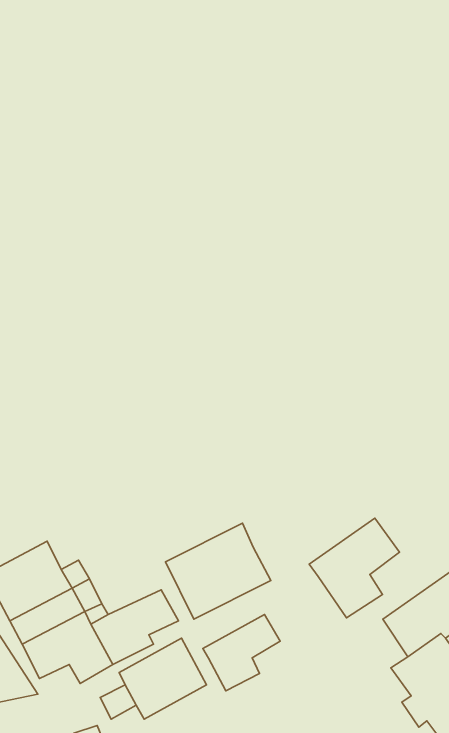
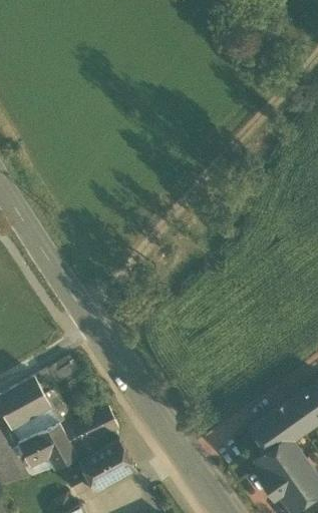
building: [309,518,399,618] -> none
building: [165,523,271,619] -> none
building: [203,615,280,691] -> none

